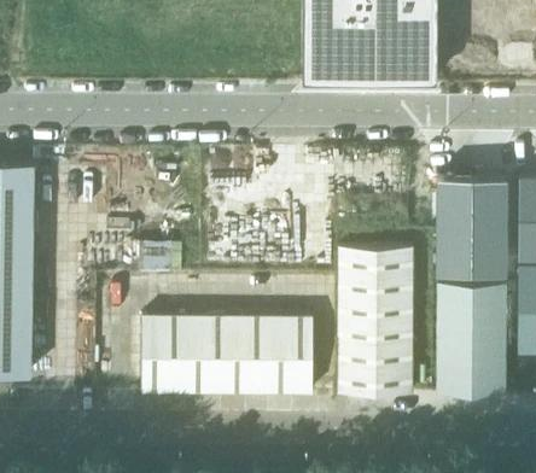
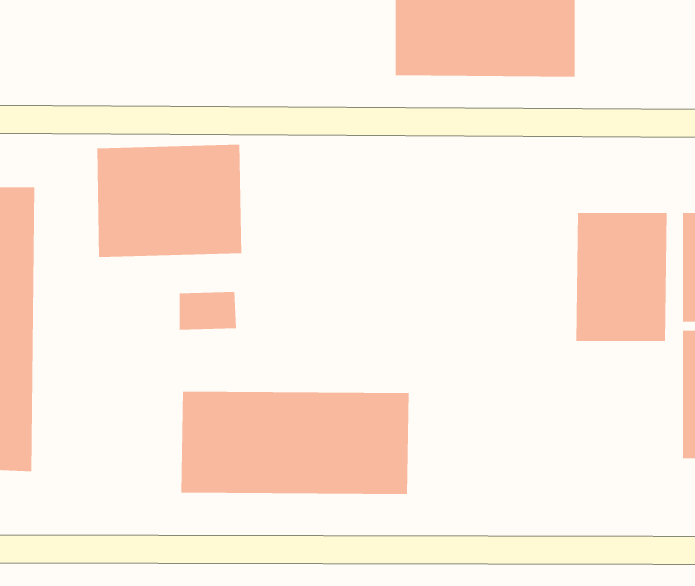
building: none -> [97,144,242,258]
building: [338,247,413,393] -> none
building: [437,282,505,395] -> none

